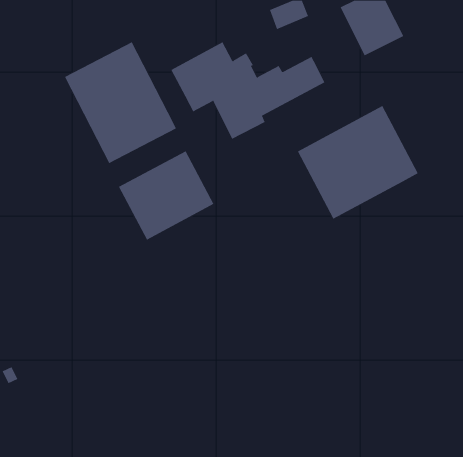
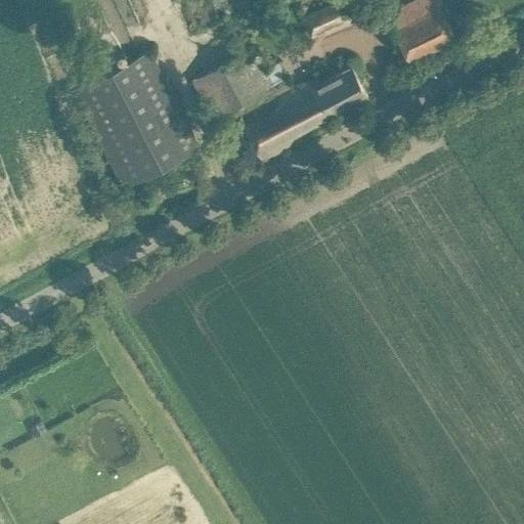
building: [297,105,419,219] -> none
building: [118,150,214,240] -> none

